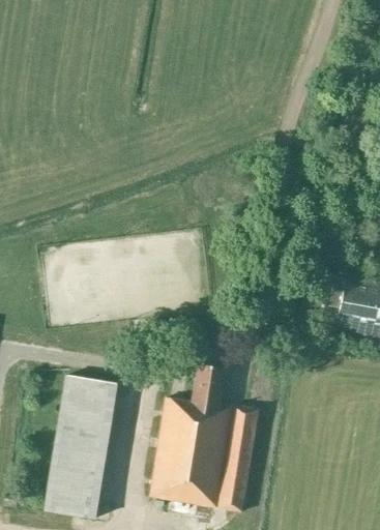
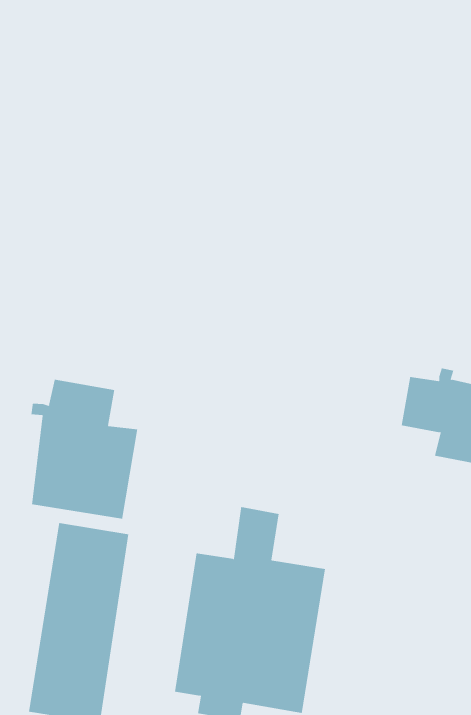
building: none -> [31,379,138,520]

